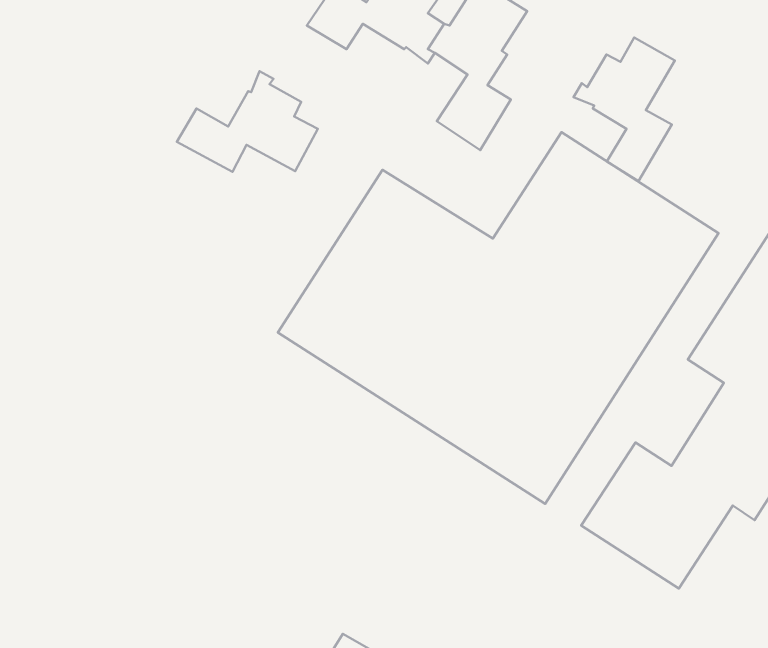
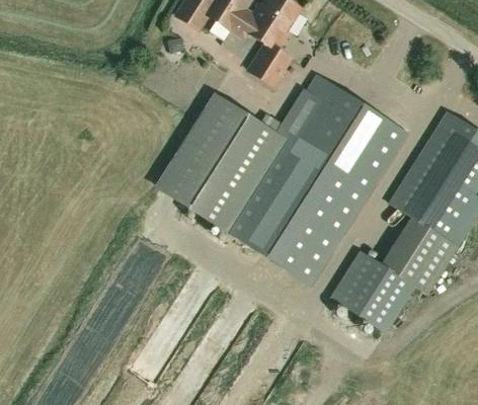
building: [574,37,675,181] -> none
building: [177,71,318,172] -> none

